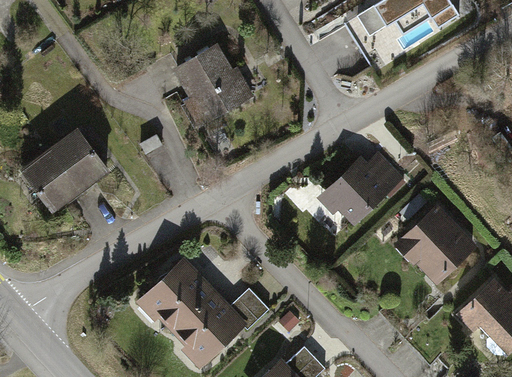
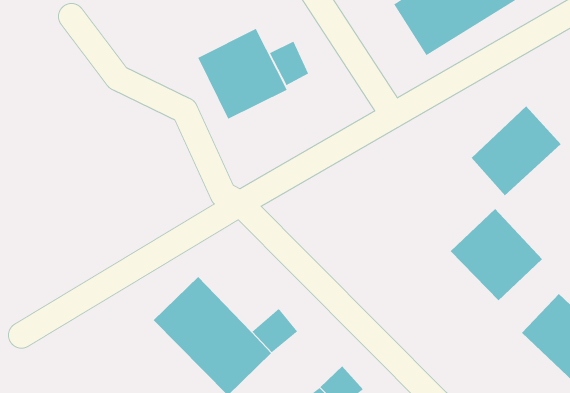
building: none -> [269,41,309,86]
building: [23,126,111,212] -> none
building: [321,146,401,226] -> [471,106,561,196]

